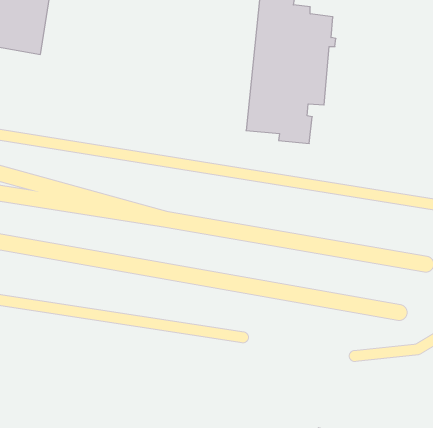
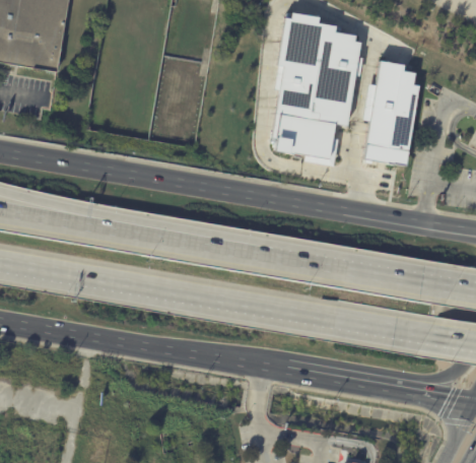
building: none -> [363,59,418,164]

